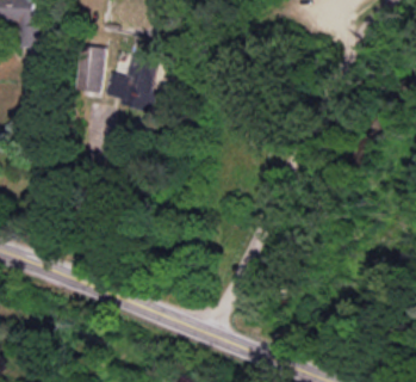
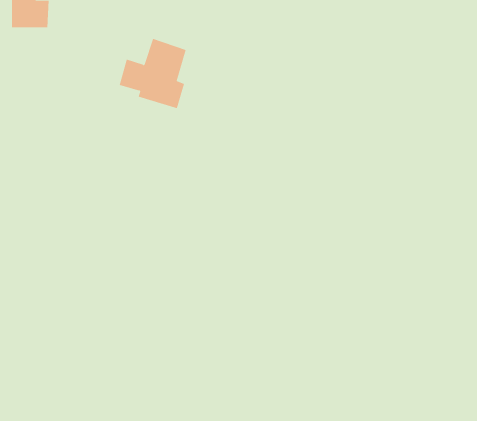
building: [72,44,101,93] -> none

